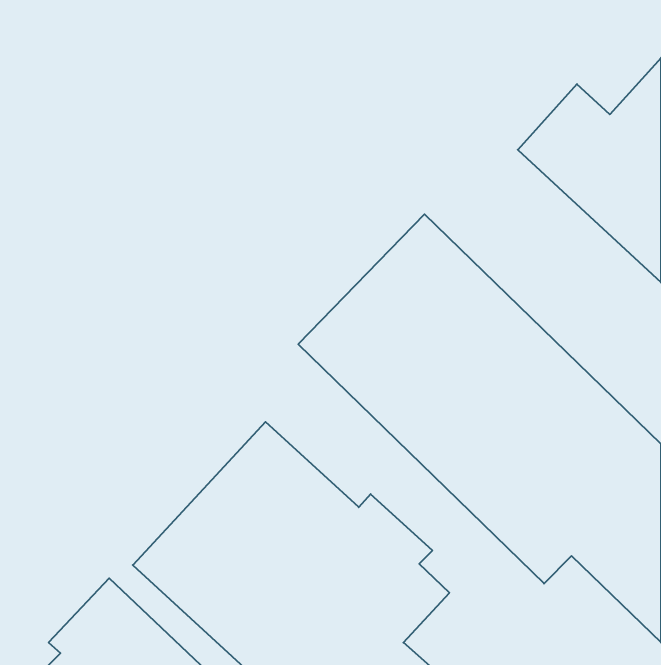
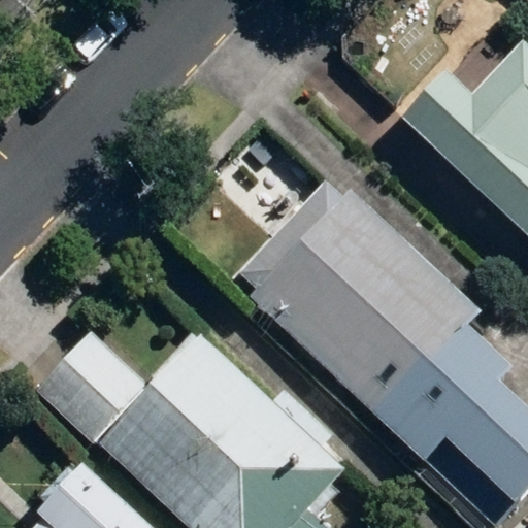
building: none -> [34,335,145,448]

